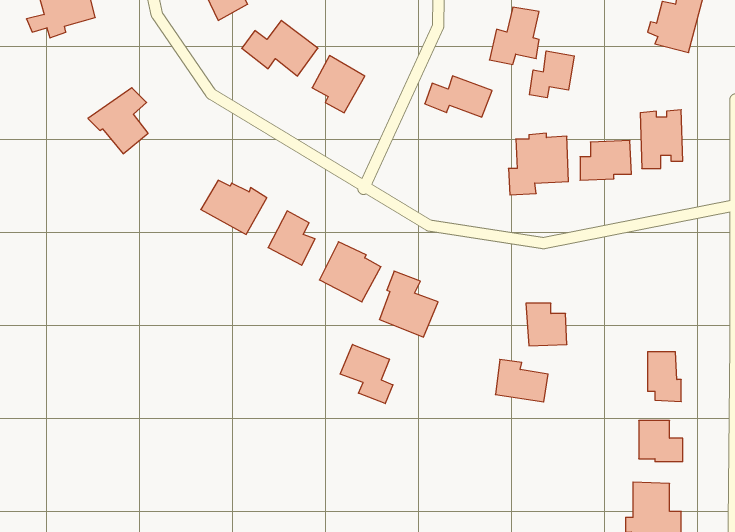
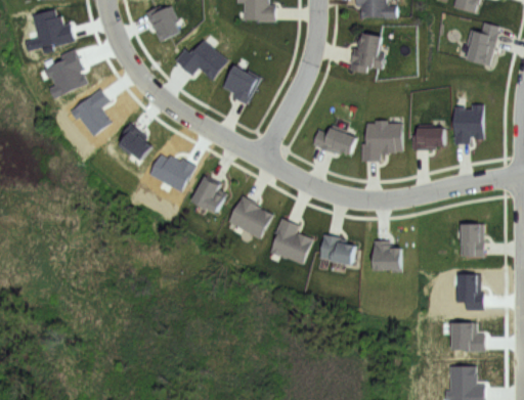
building: none -> [42,48,87,98]
building: [529,51,574,98] -> none
building: [425,76,492,117] -> [313,128,360,157]
building: none -> [118,123,152,161]
building: none -> [461,222,485,255]
building: [340,344,393,404] -> none
building: [495,359,548,402] -> [320,233,357,263]

